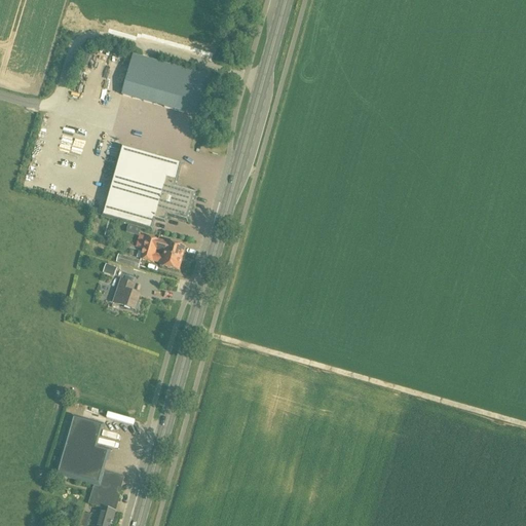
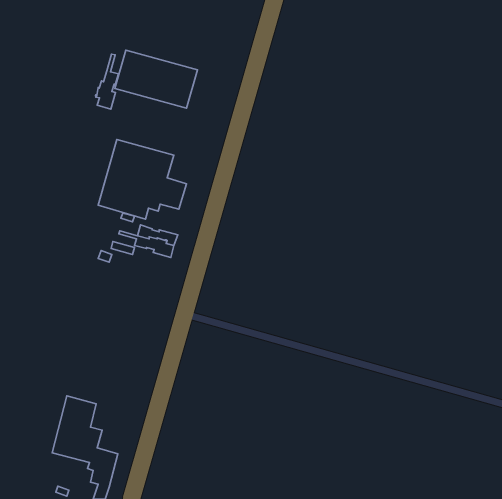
building: none -> [95,54,118,109]
building: [114,278,141,308] -> none

